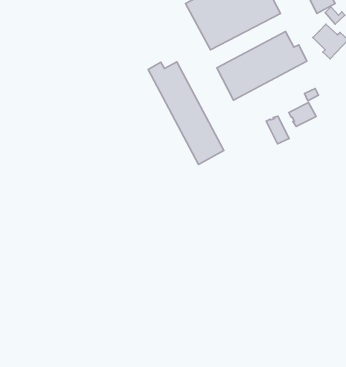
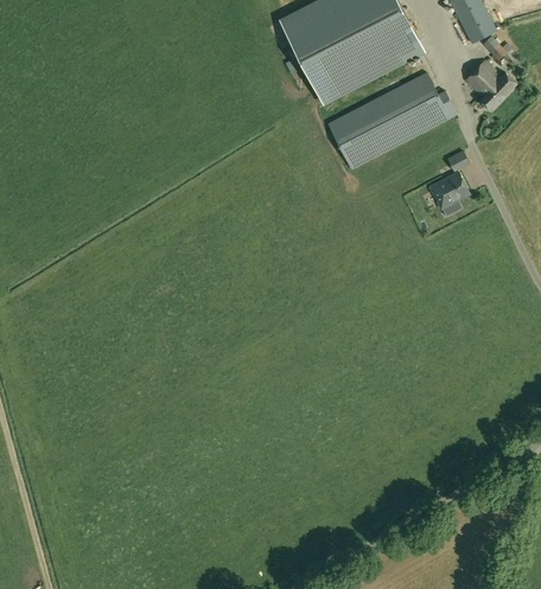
building: [148,62,224,164] -> none
building: [266,116,289,144] -> none

